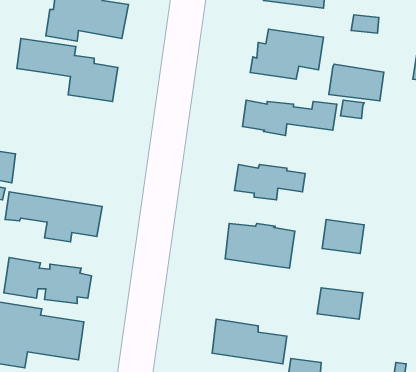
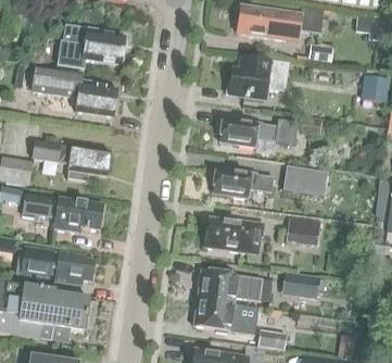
building: [329,64,384,101] -> [282,162,328,192]
building: none -> [34,140,110,178]
building: none -> [198,270,262,302]

